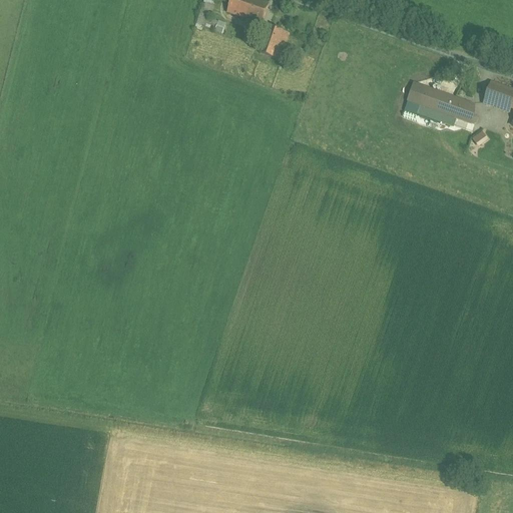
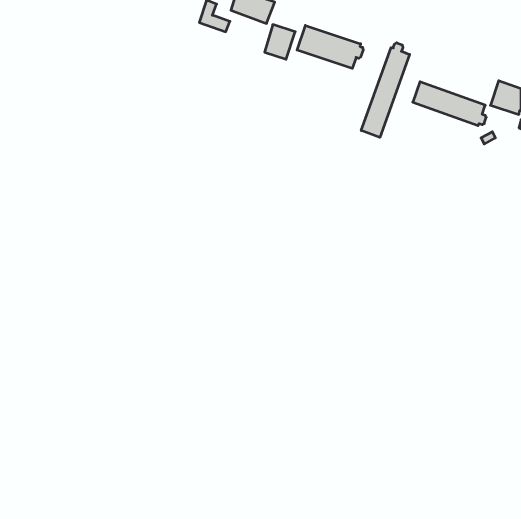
building: none -> [297,25,363,68]
building: none -> [361,43,410,137]

